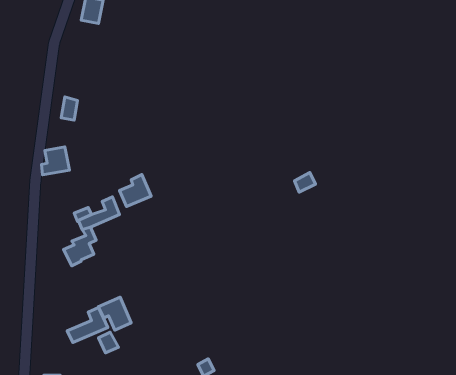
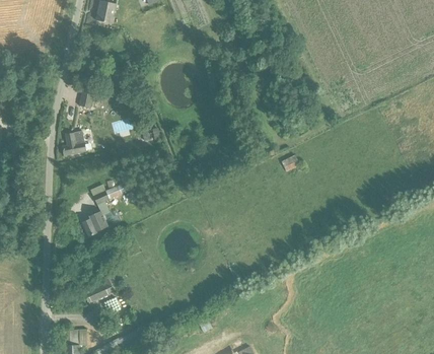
building: [119,175,151,206] -> none
building: [98,297,131,330] -> none

